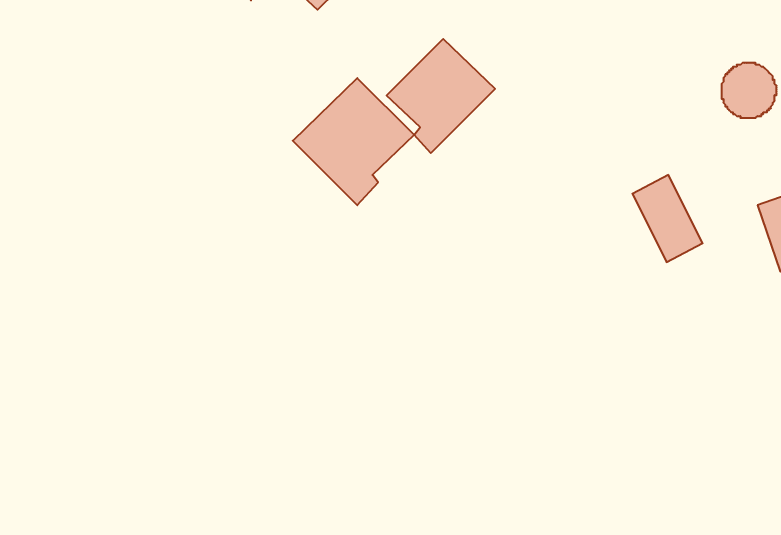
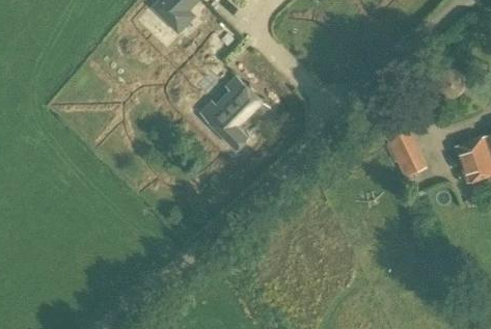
building: [387,39,495,153] -> none

